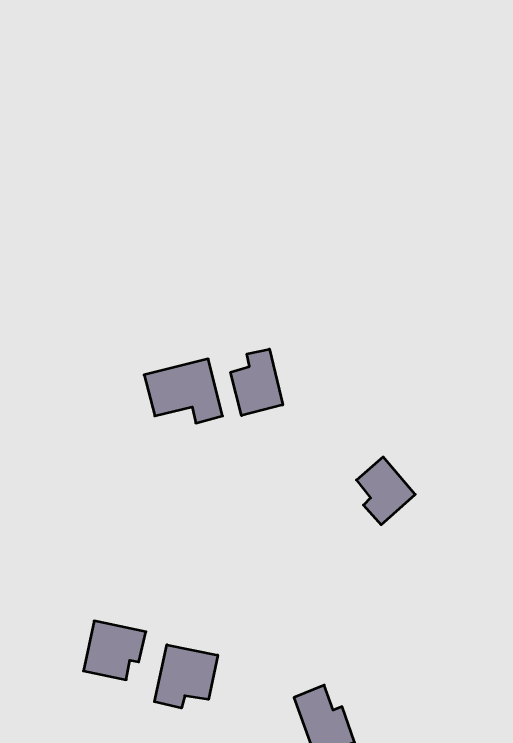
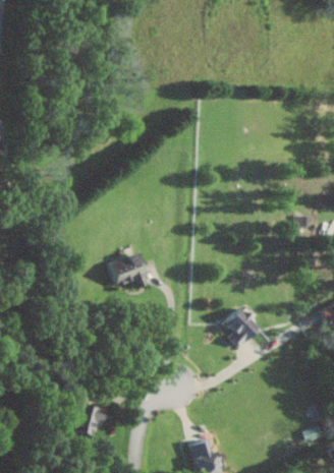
building: [231,349,283,416] -> none
building: [154,645,218,708] -> none

